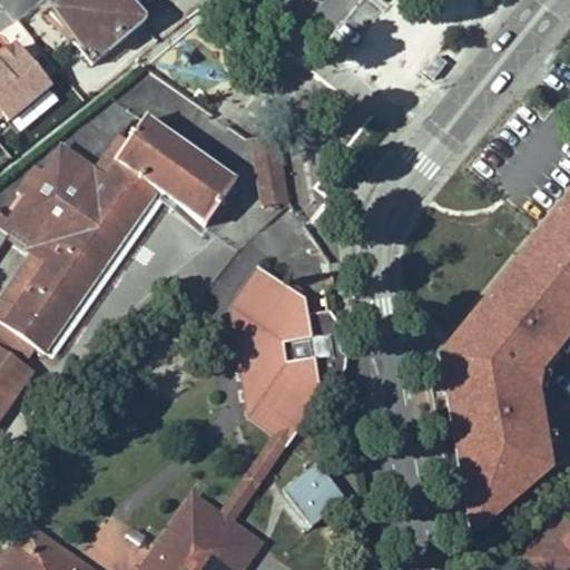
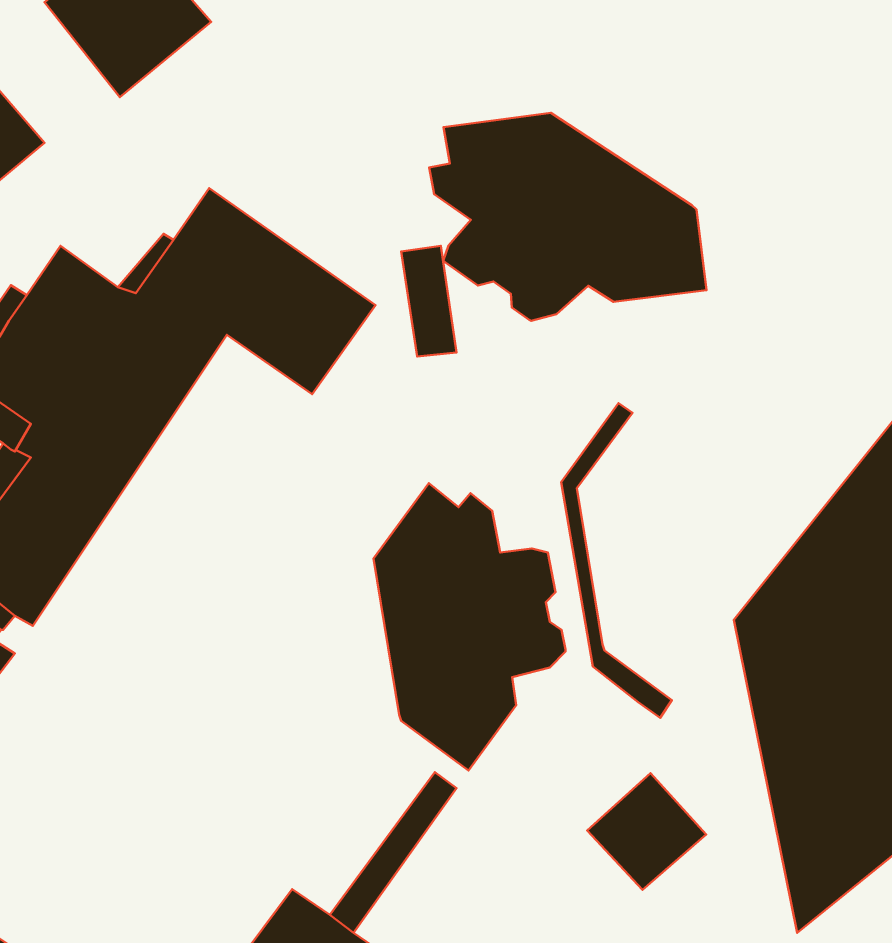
building: none -> [429,113,707,321]
building: [229,269,292,446] -> [561,403,672,718]
building: [279,462,346,528] -> [587,773,706,890]

